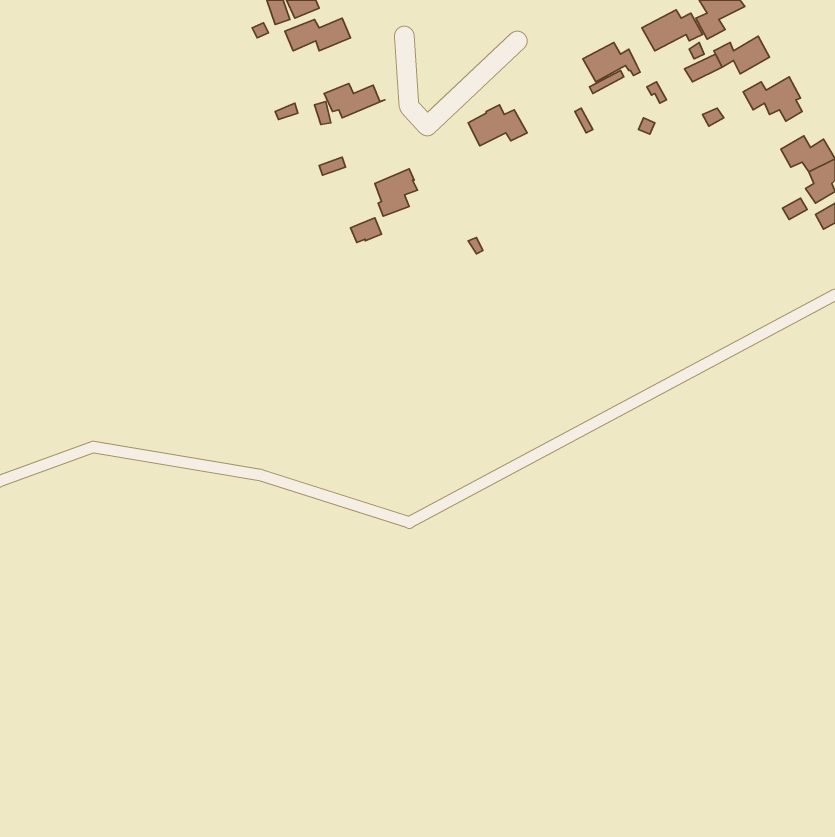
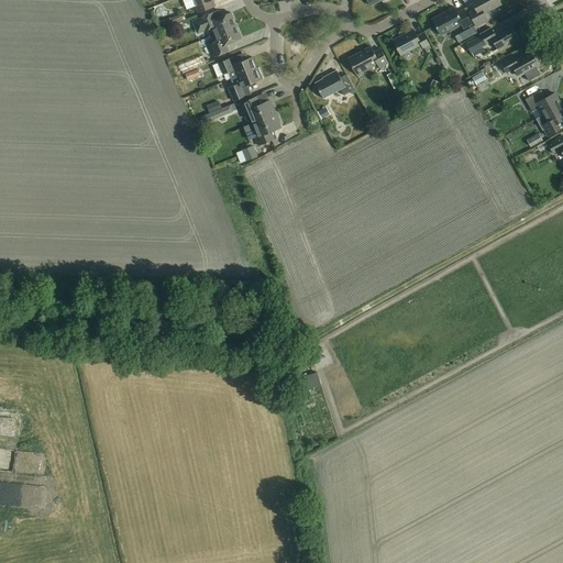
building: none -> [209,25,241,56]
building: none -> [347,45,387,74]
building: none -> [228,67,263,100]
building: none -> [240,96,275,123]

